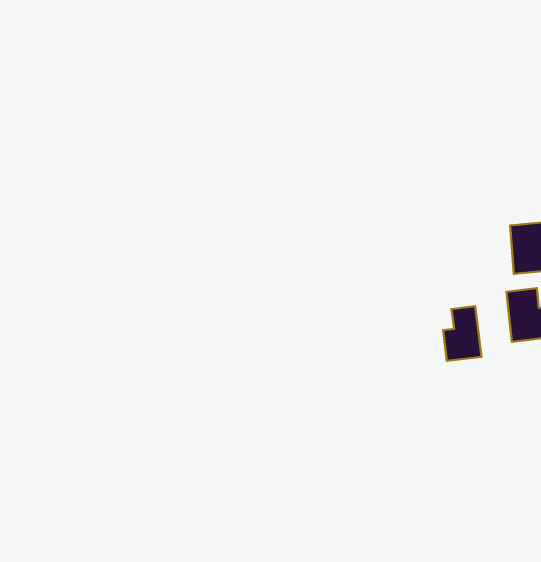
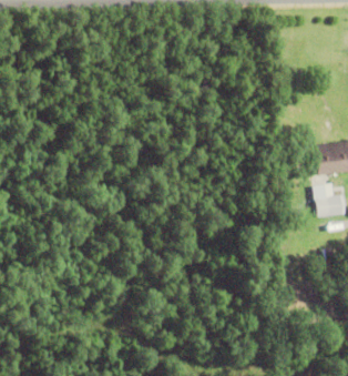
building: [443,306,481,361] -> none

